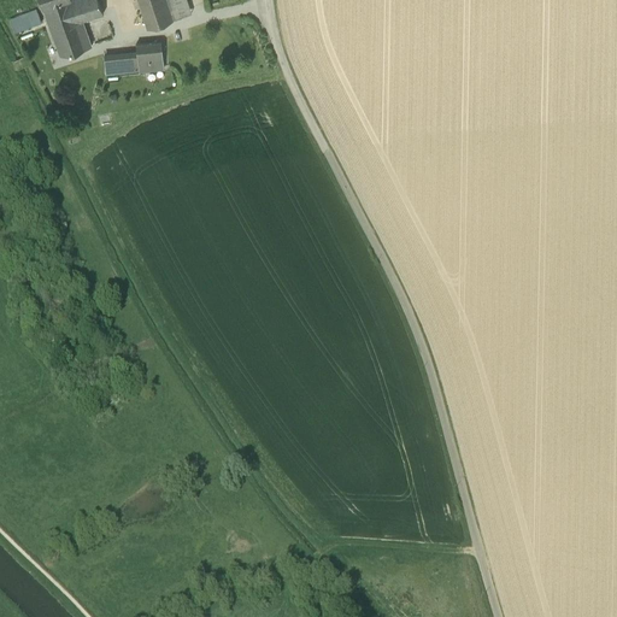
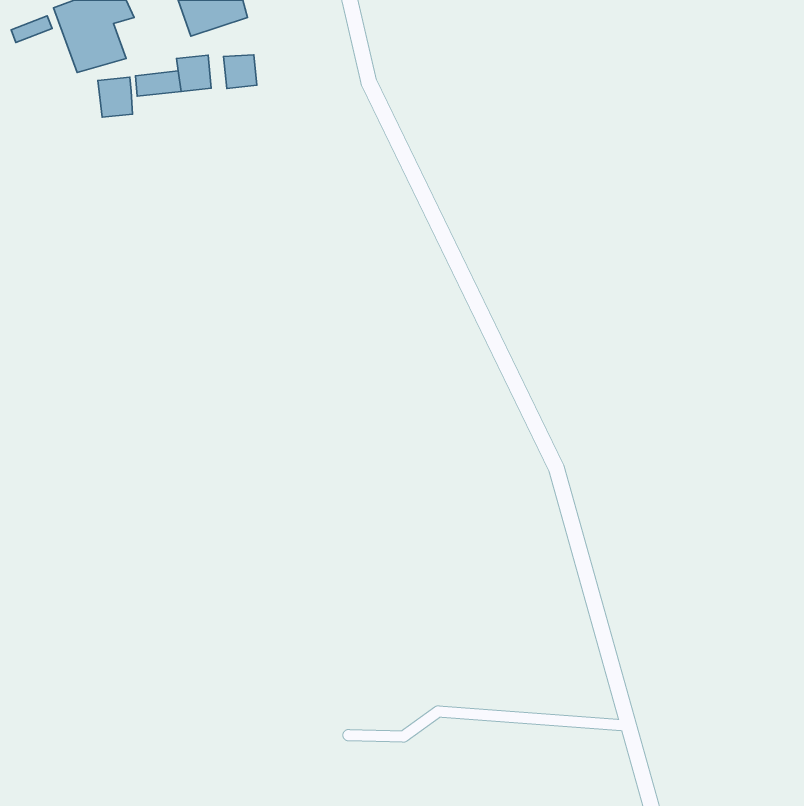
building: none -> [224,55,257,88]
building: none -> [98,77,132,117]

